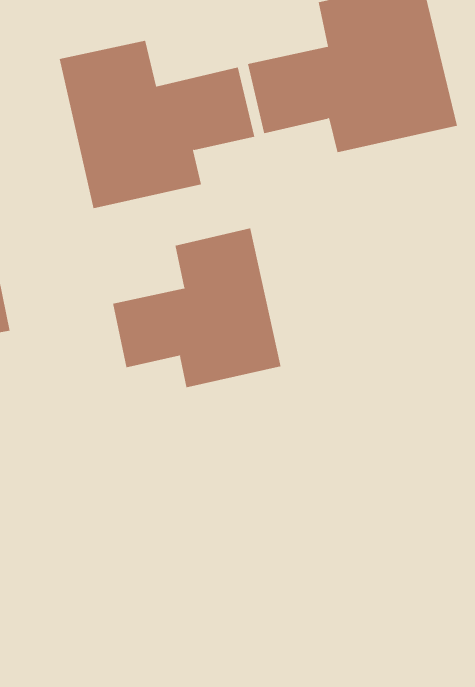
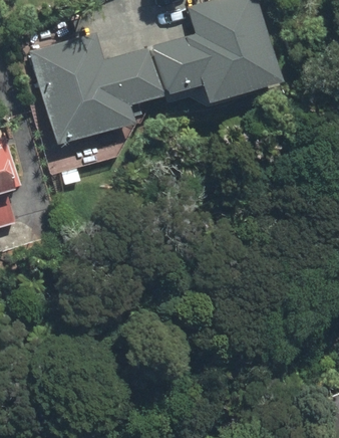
building: [112,228,281,388] -> none

